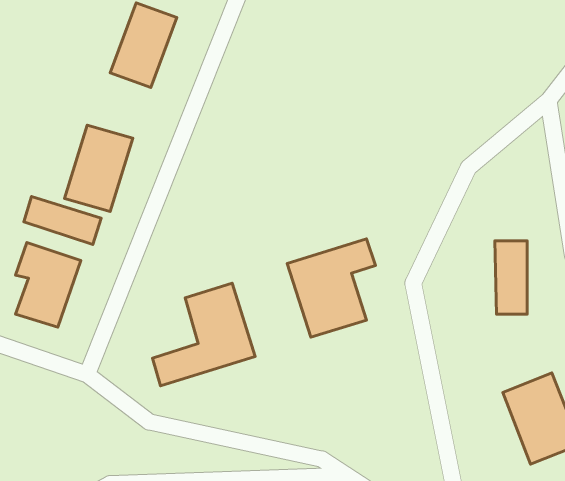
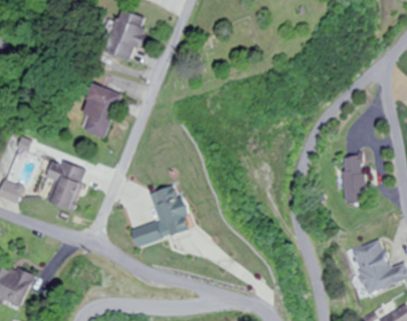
building: [24,197,101,245] -> none
building: [287,239,375,337] -> none

